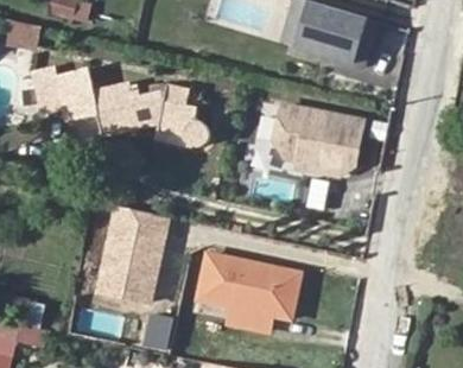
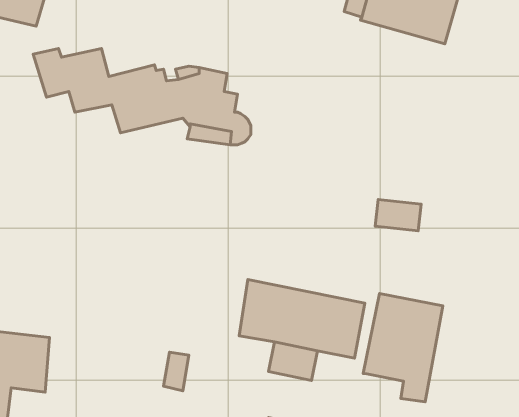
building: [275,106,363,177] -> none
building: [94,207,171,306] -> none
building: none -> [363,294,443,402]

